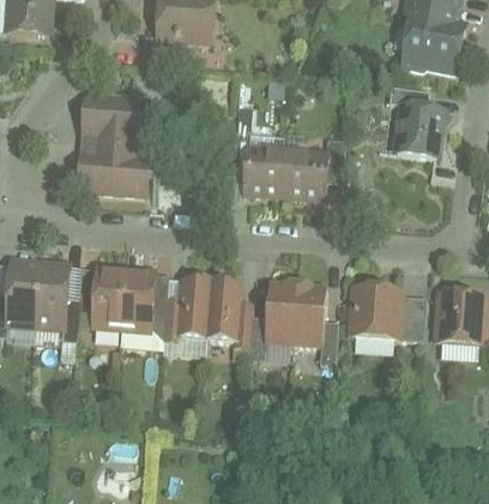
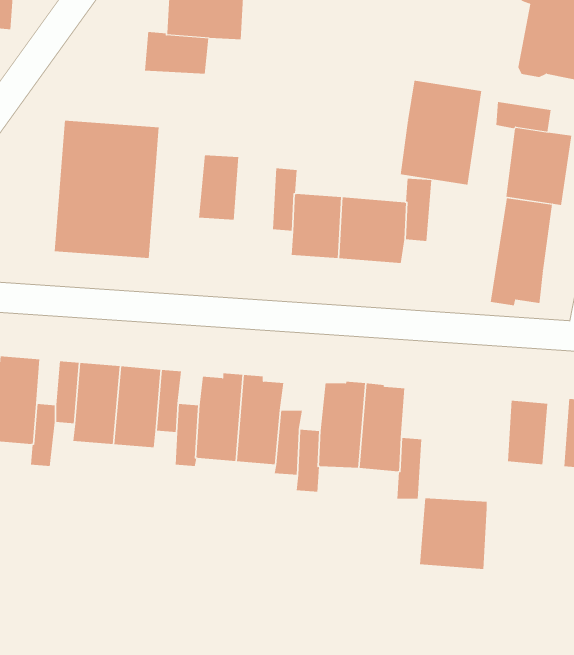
building: none -> [400,80,482,185]
building: none -> [198,154,239,220]
building: none -> [490,197,553,306]
building: [351,287,399,337] -> [419,498,487,570]

